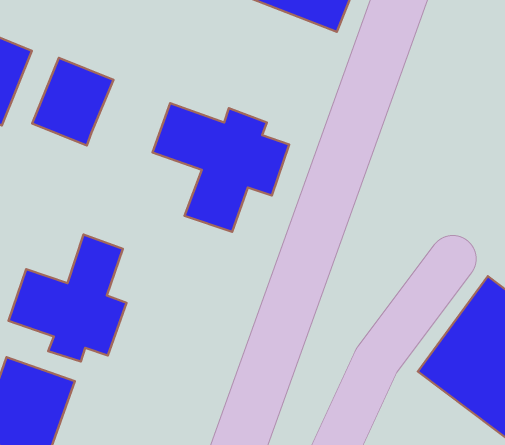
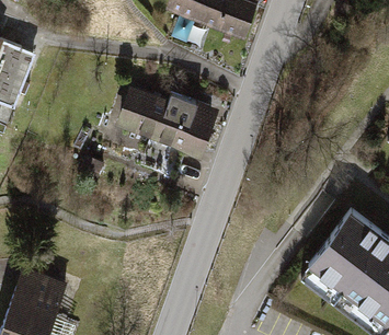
building: [32,58,113,145] -> none
building: [8,234,127,361] -> none

